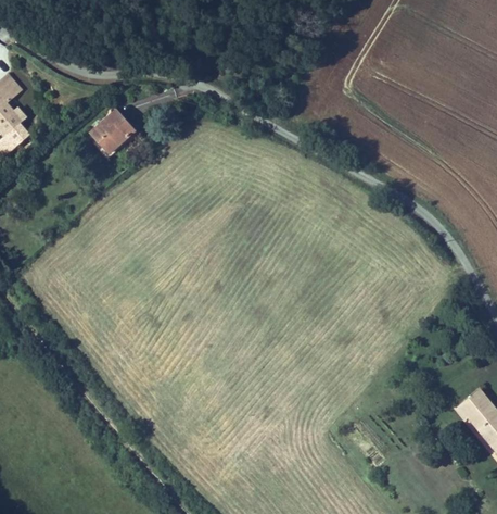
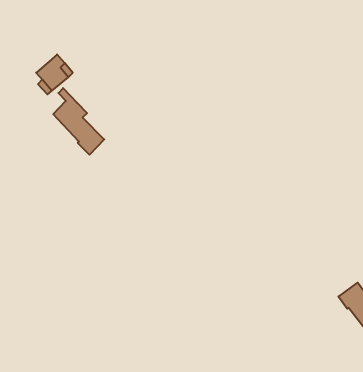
building: none -> [53,88,104,155]

